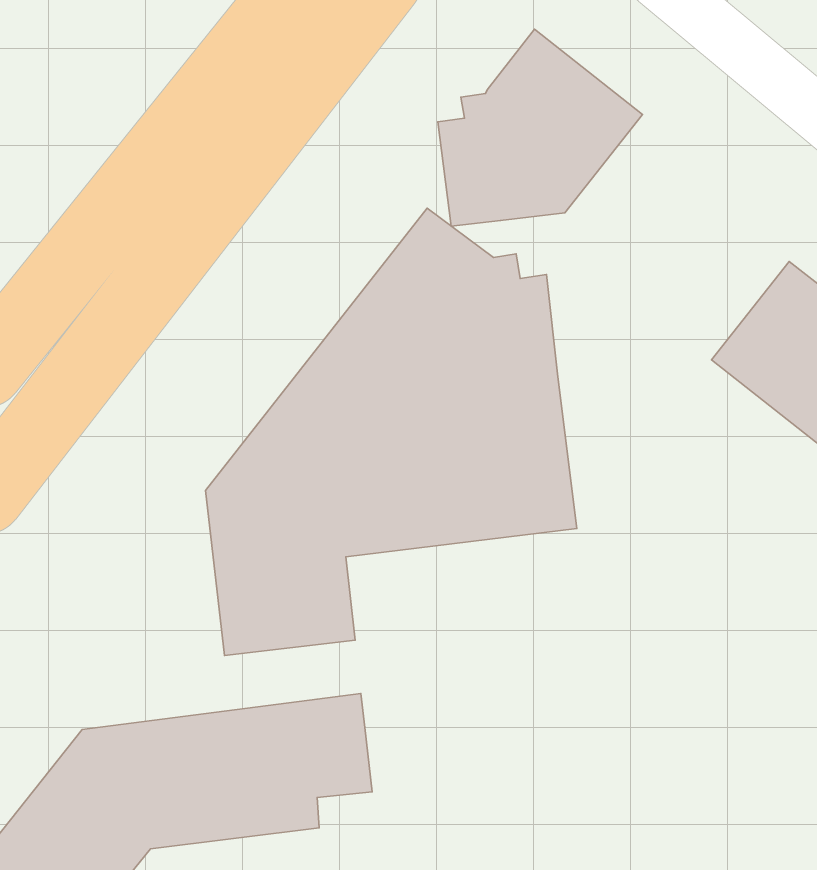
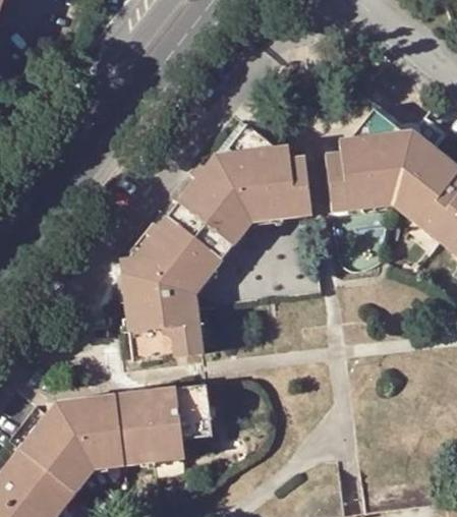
building: [438,29,643,226] -> [325,105,435,211]

